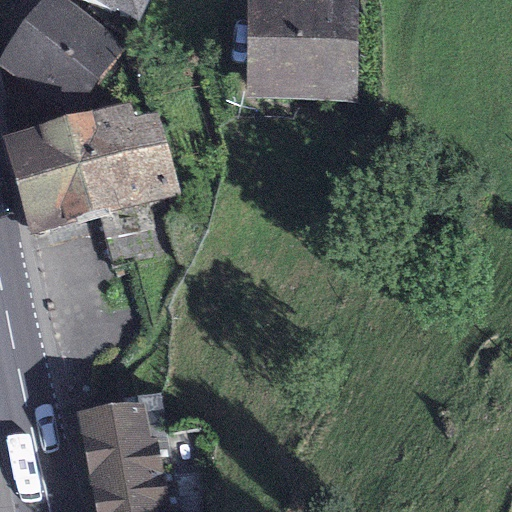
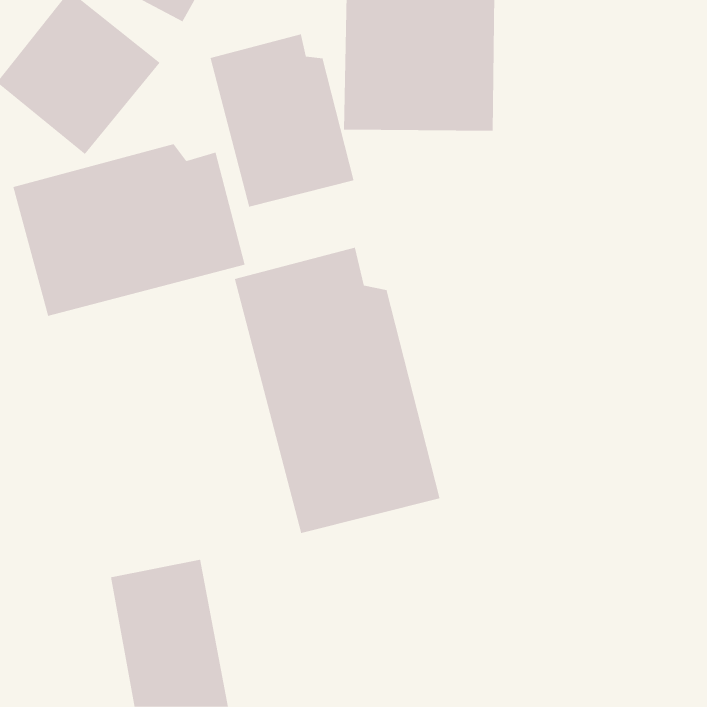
building: none -> [210,33,354,207]
building: none -> [234,247,440,534]

